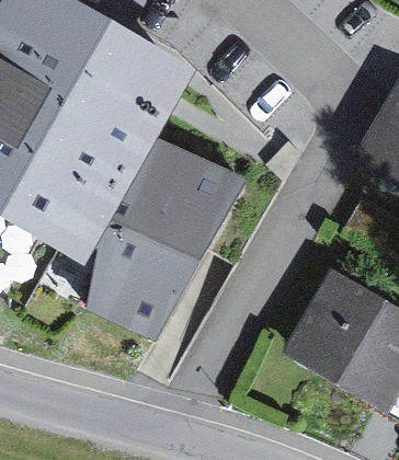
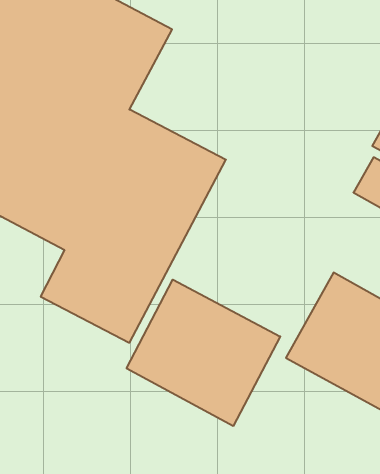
building: none -> [127,280,280,426]

